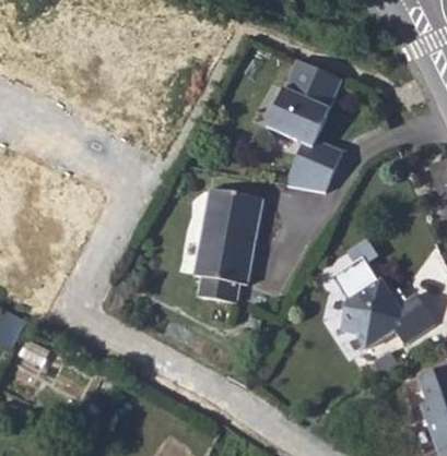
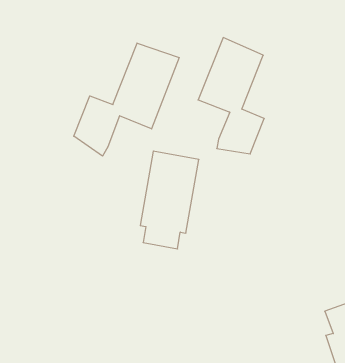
building: none -> [74,43,179,156]
building: [331,237,432,346] -> none

